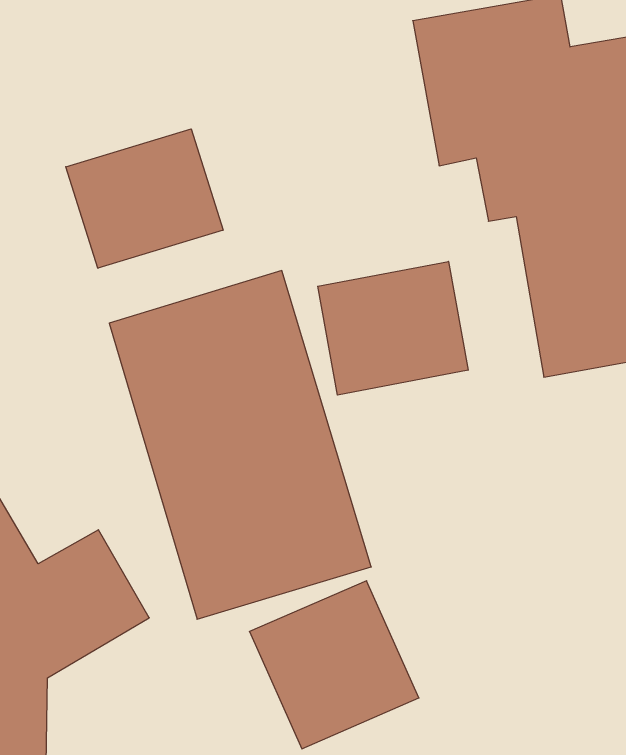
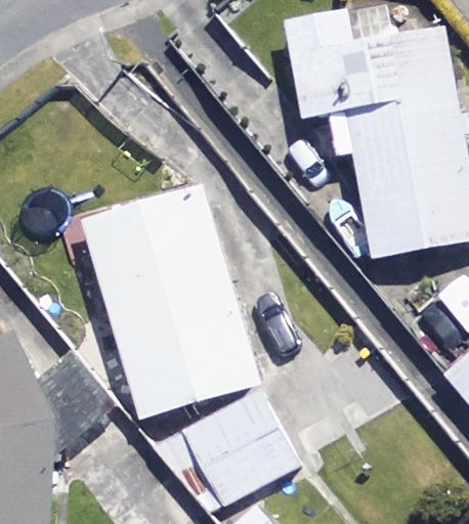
building: [66,129,223,268] -> none
building: [318,261,468,395] -> none

